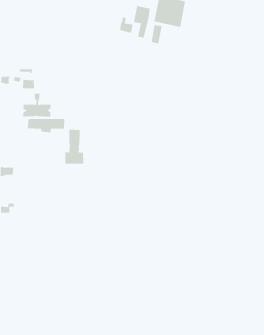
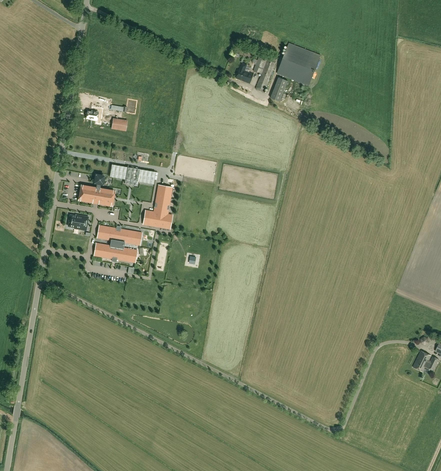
building: [22,93,52,117] -> [78,174,115,205]
building: none -> [94,225,141,262]

